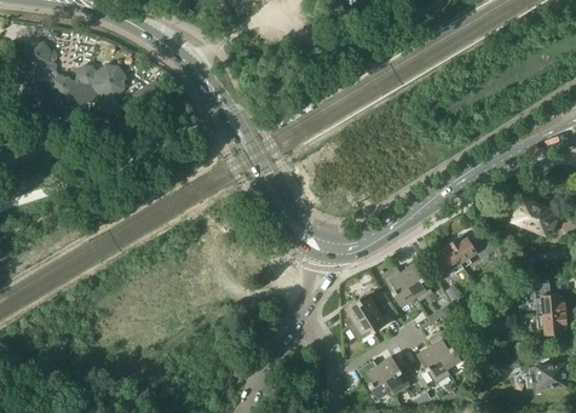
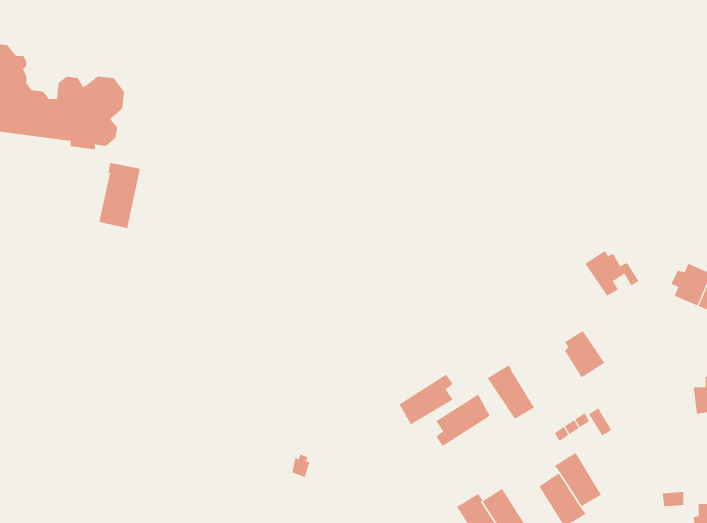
building: none -> [99,162,141,229]
building: [448,234,486,266] -> [585,250,640,296]
building: [398,264,432,303] -> none
building: [349,304,387,340] -> [399,374,453,425]

